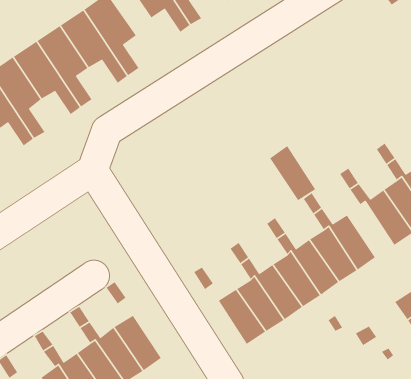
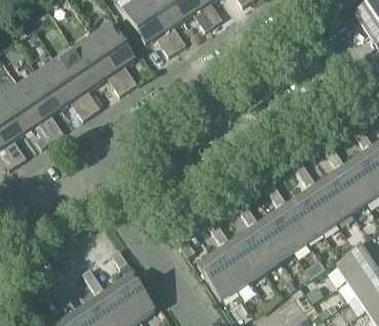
building: [269,145,316,201] -> [299,186,336,230]

